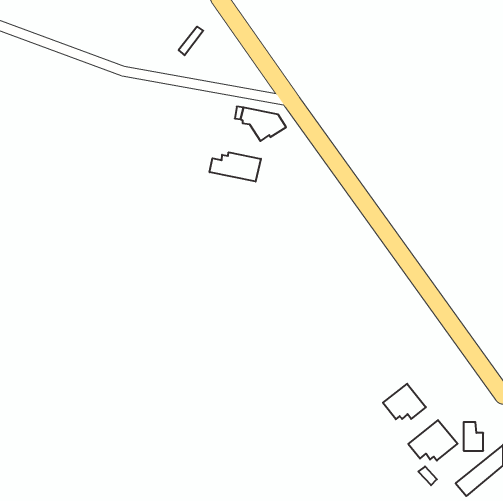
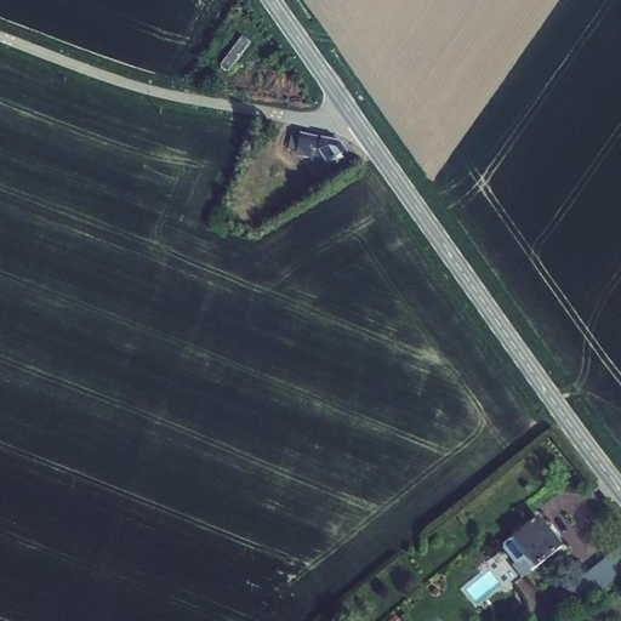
building: [210,152,261,182] -> none
building: [383,384,426,419] -> none

